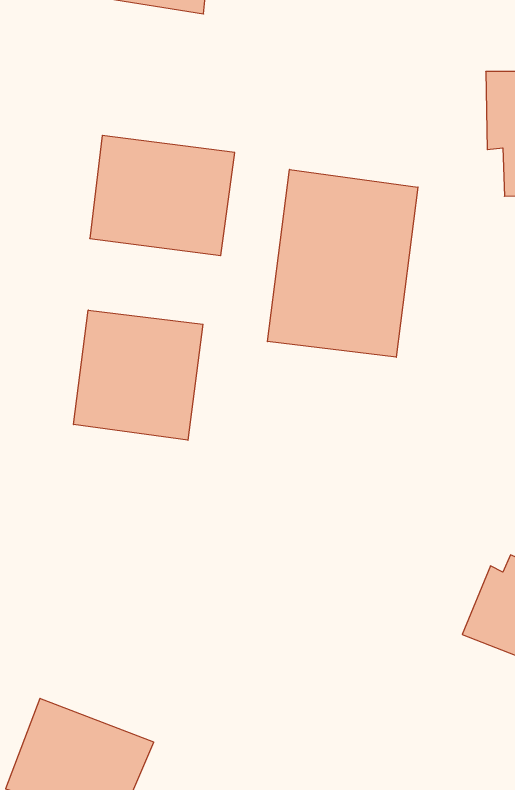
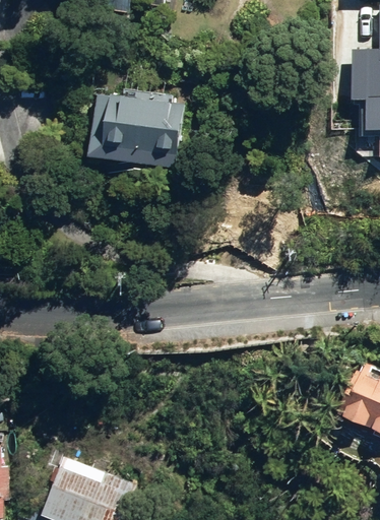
building: [267,169,418,357] -> none
building: [74,310,203,440] -> none

